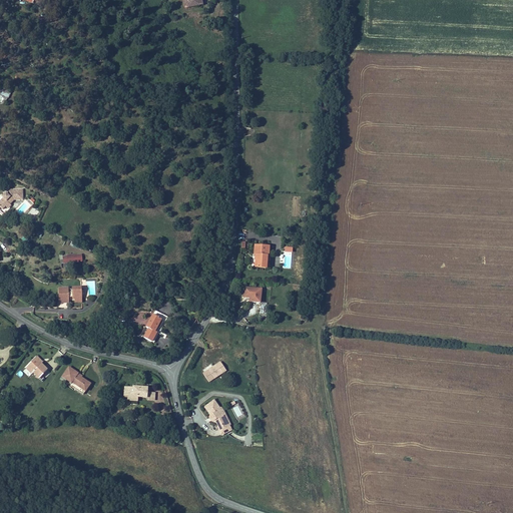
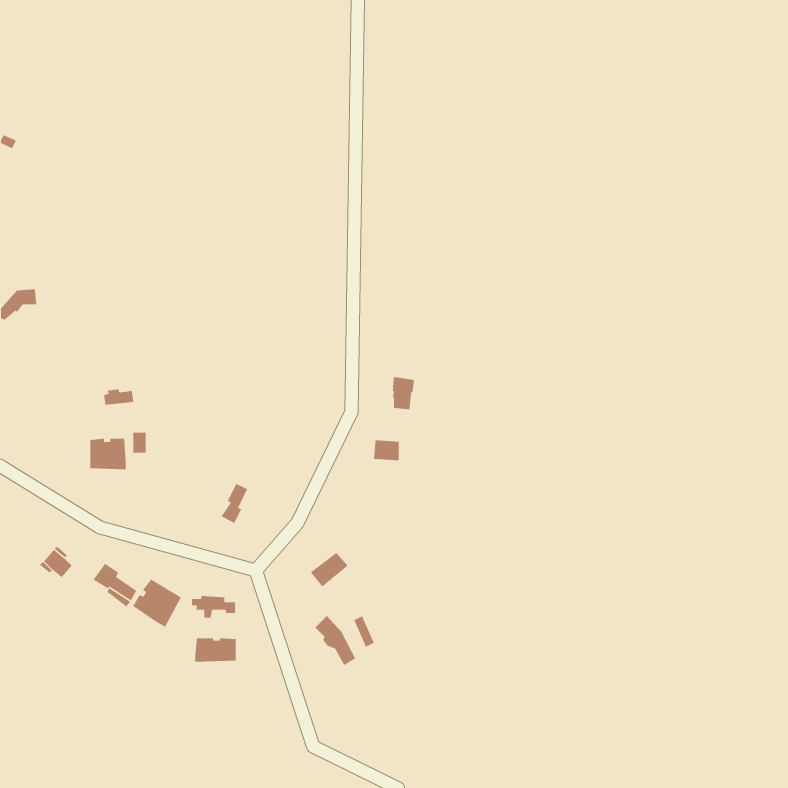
building: none -> [132,579,182,628]
building: none -> [195,637,237,662]

